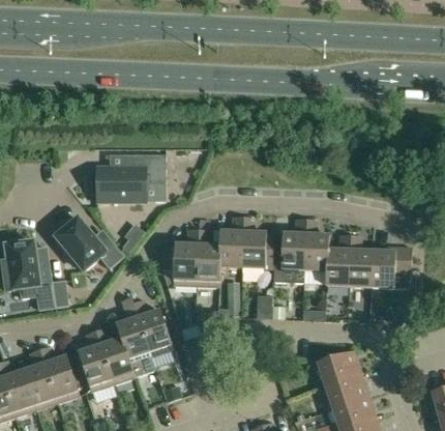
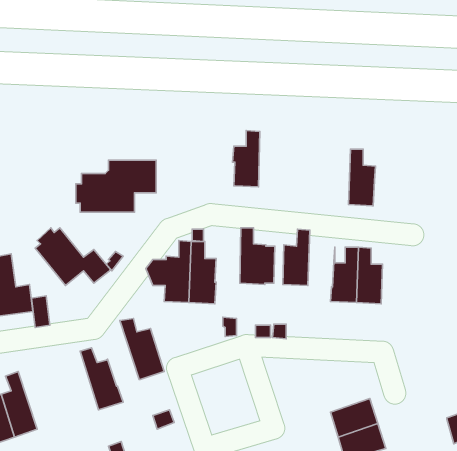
building: [218,217,243,268] -> [233,130,260,187]
building: [304,220,329,271] -> [348,149,376,206]
building: [372,247,413,288] -> none
building: [115,298,155,377] -> none
building: [72,331,113,392] -> none
building: [39,346,79,402] -> none
building: [317,351,361,386] -> none

